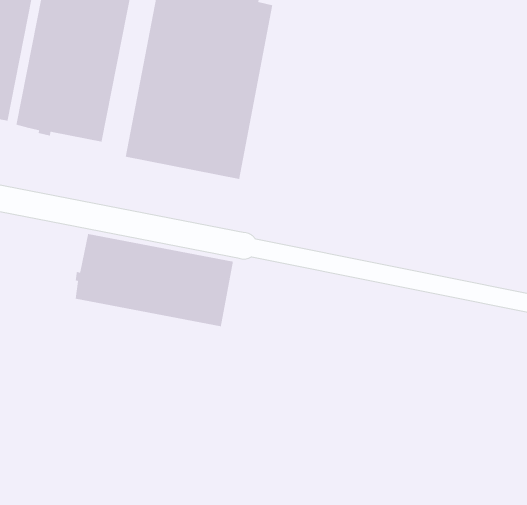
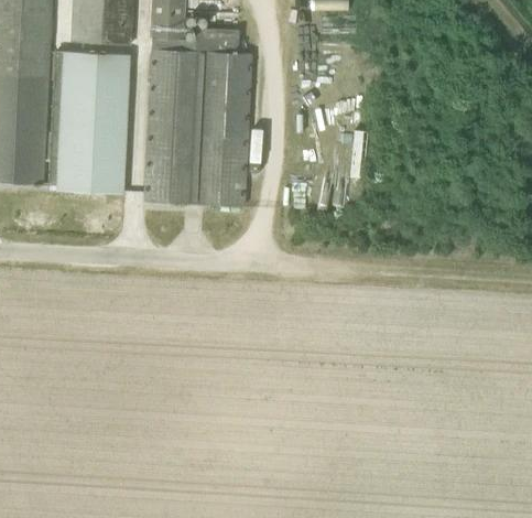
building: [75,233,234,327] -> none

